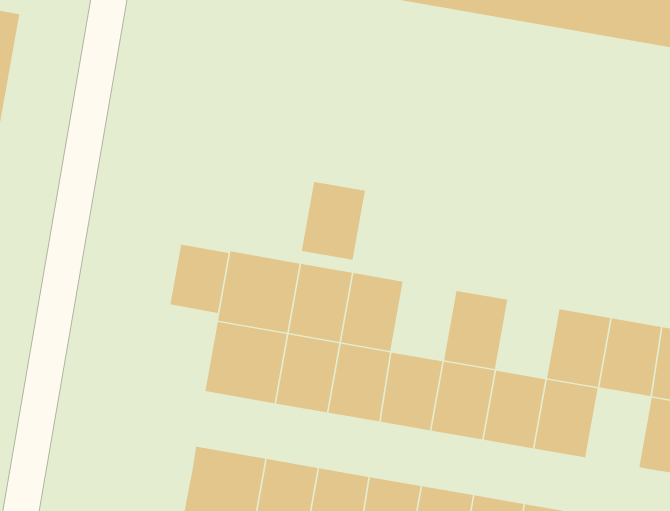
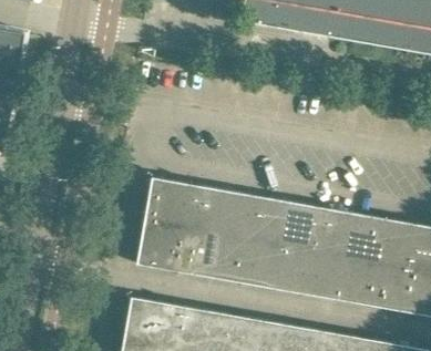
building: [301,181,366,261] -> [250,196,290,245]
building: [170,244,230,314] -> none
building: none -> [315,207,353,256]
building: none -> [370,261,410,310]

